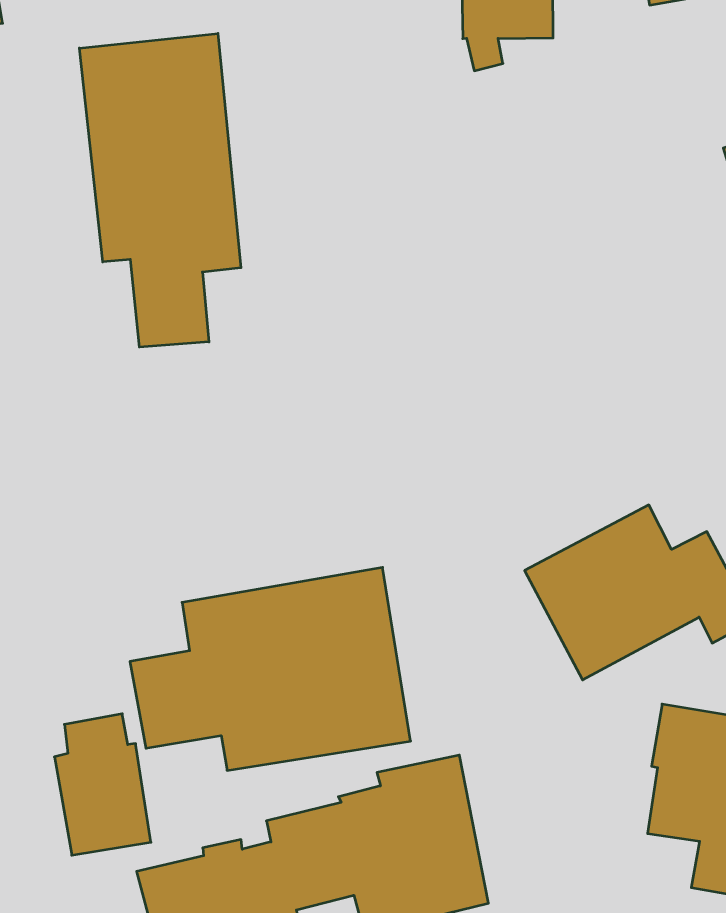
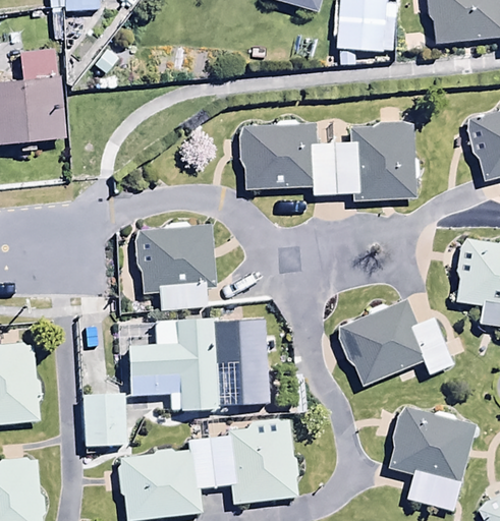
building: [79,33,241,347] -> none
building: none -> [239,117,414,201]
building: none -> [135,224,217,310]

